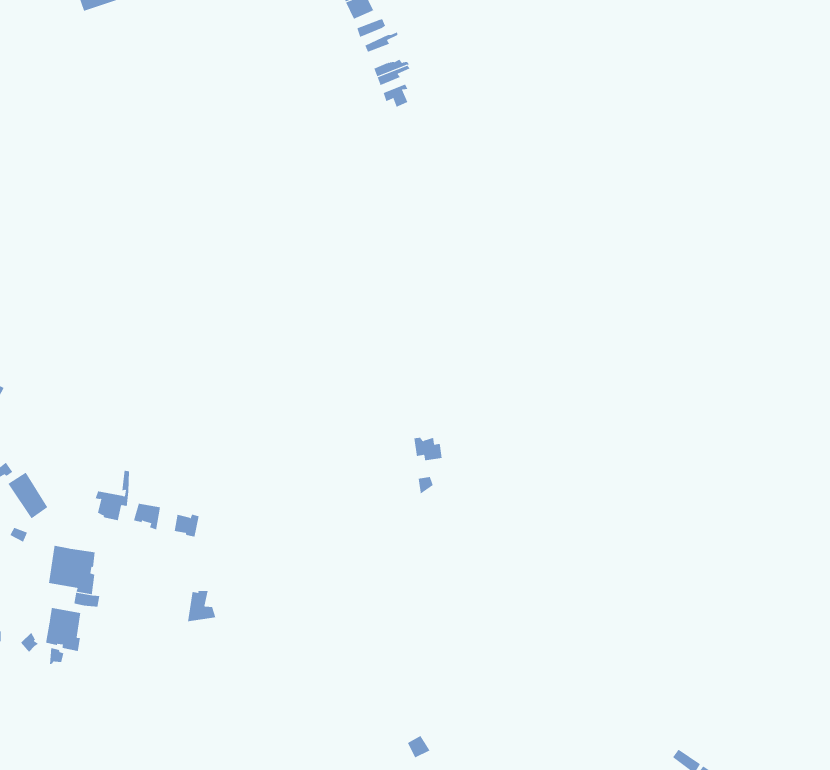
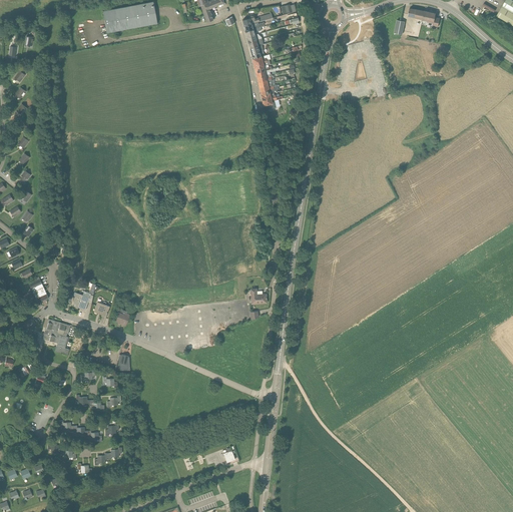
building: [46,607,81,652] -> none

